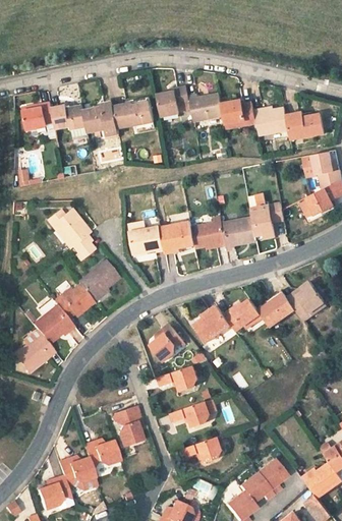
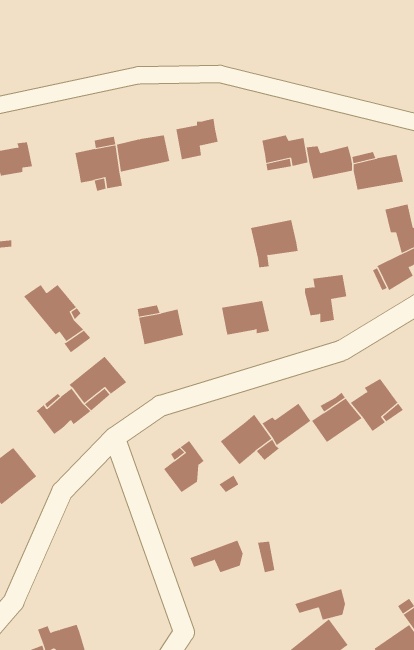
building: [187,94,223,121] -> none
building: [50,105,87,132] -> none
building: [222,216,258,251] -> [250,219,299,268]
building: [160,221,194,252] -> none
building: [34,304,73,341] -> none
building: [158,363,197,389] -> none
building: [110,407,137,447] -> none
building: [182,433,220,457] -> [295,589,346,620]
building: [81,444,117,469] -> none

